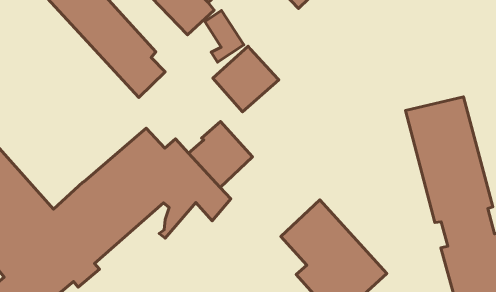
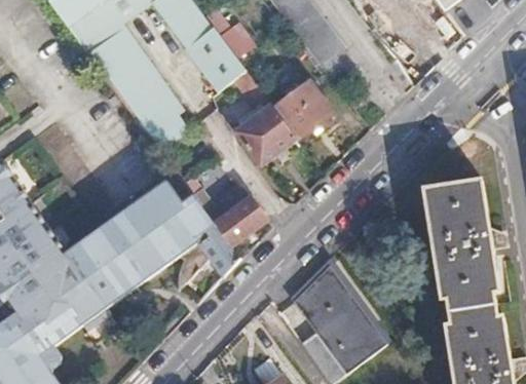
building: none -> [276,85,335,143]

